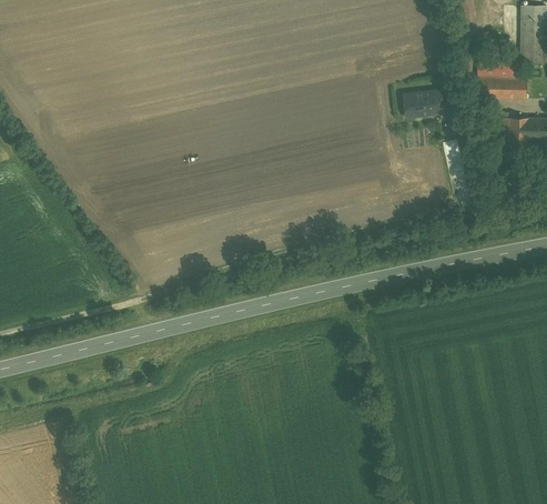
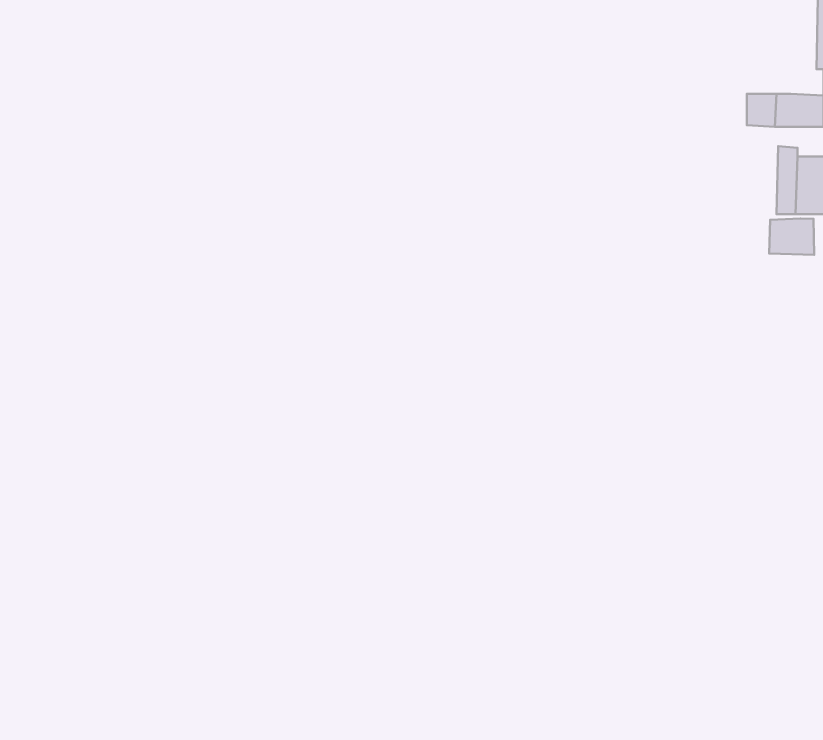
building: [403,89,442,117] -> none
building: none -> [769,219,814,255]

